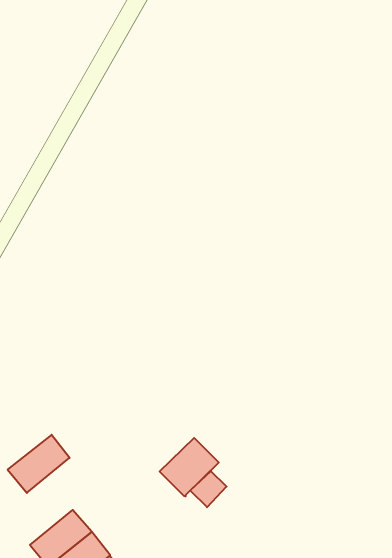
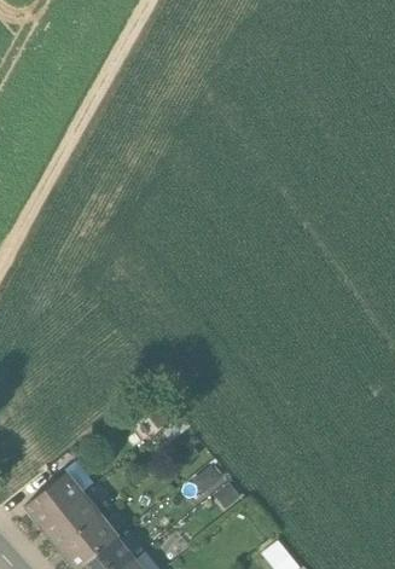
building: [8,435,70,493] -> [27,474,85,528]
building: [160,438,219,496] -> none

